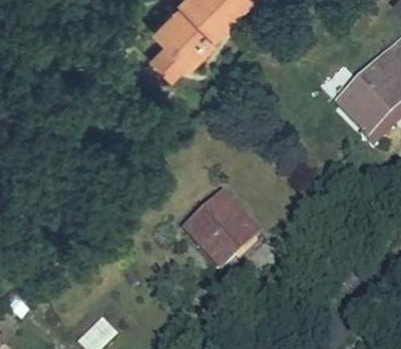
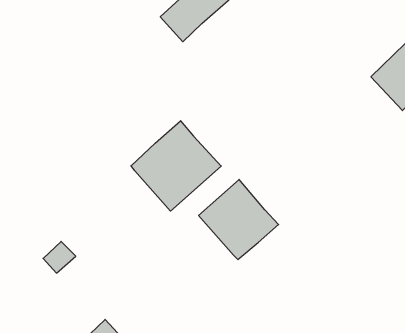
building: none -> [131,121,221,211]

